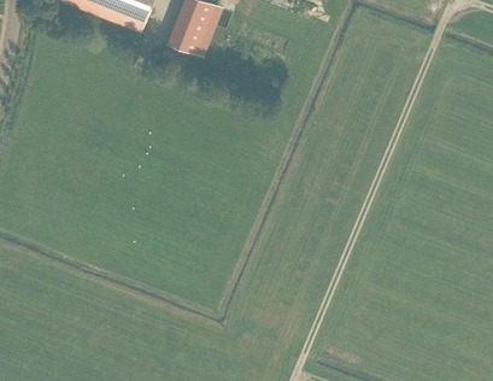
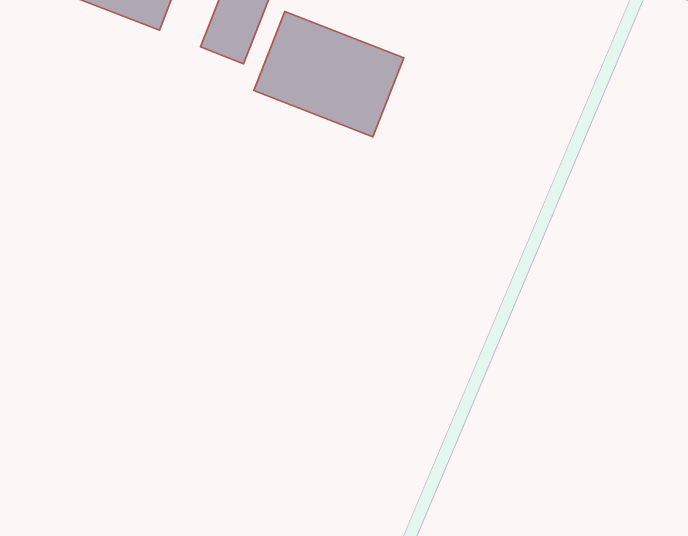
building: none -> [254,11,404,137]

